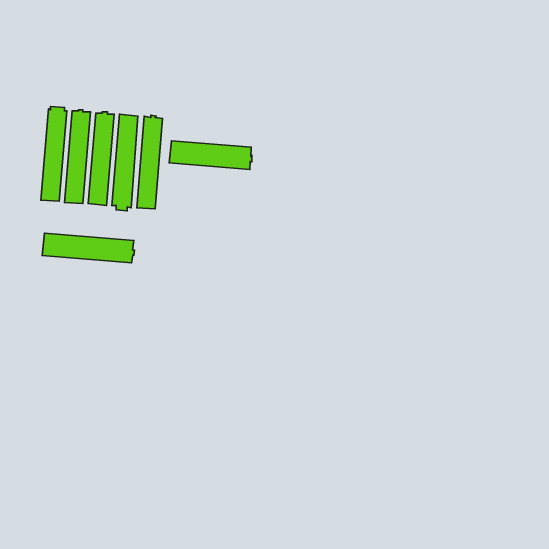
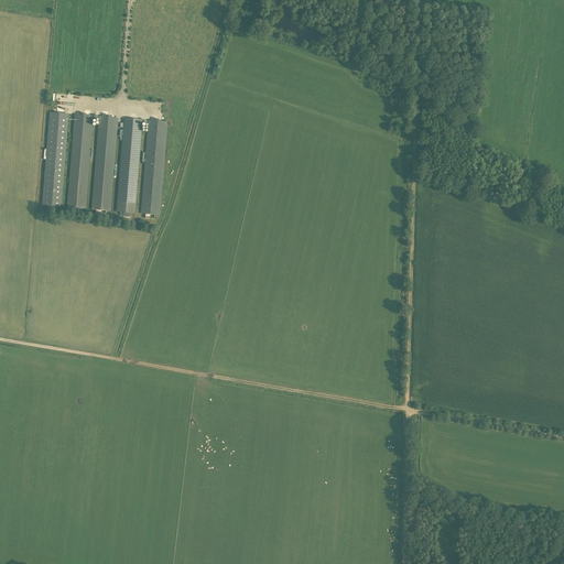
building: [169,141,252,169] -> none
building: [42,233,134,263] -> none

